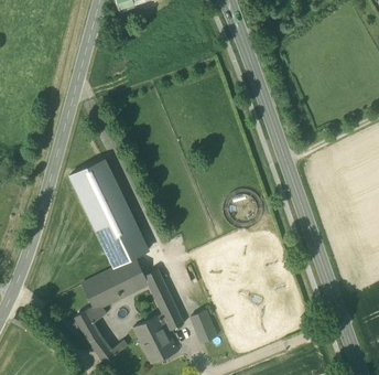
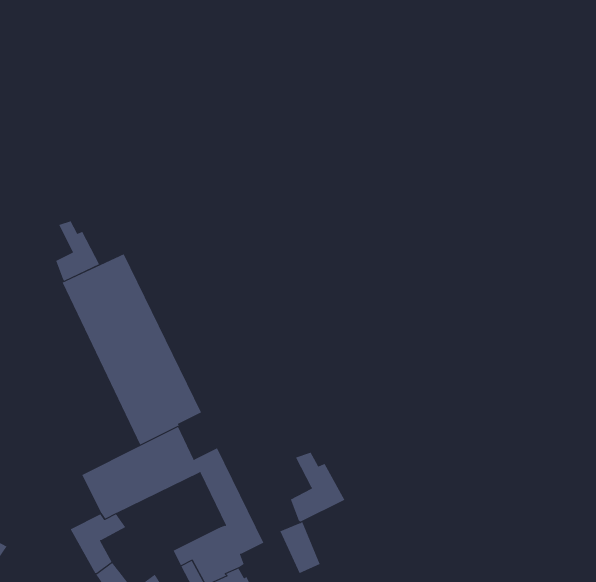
building: none -> [56,221,100,281]
building: none -> [290,452,345,523]

